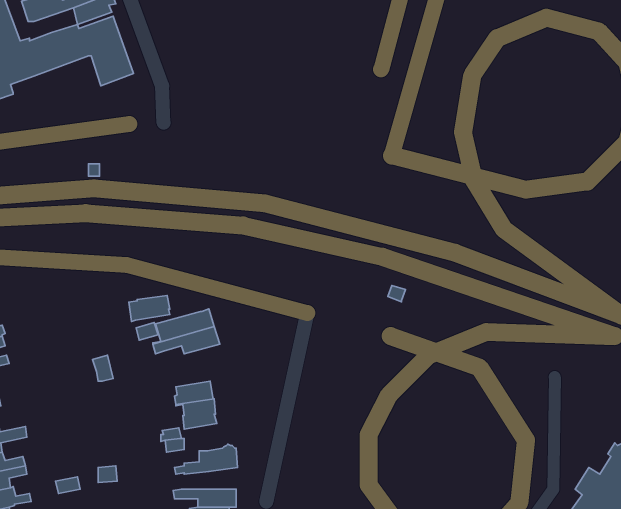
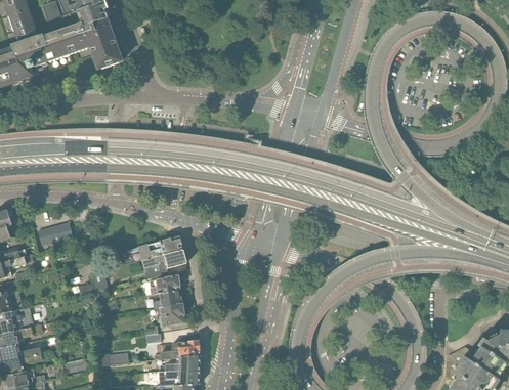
building: none -> [38,222,74,245]
building: [129,295,170,321] -> [149,275,179,295]
building: none -> [158,354,200,371]

